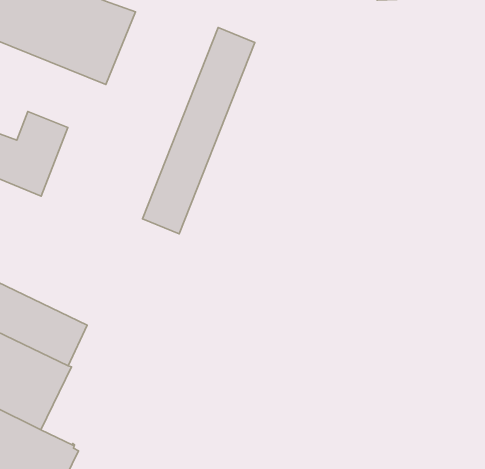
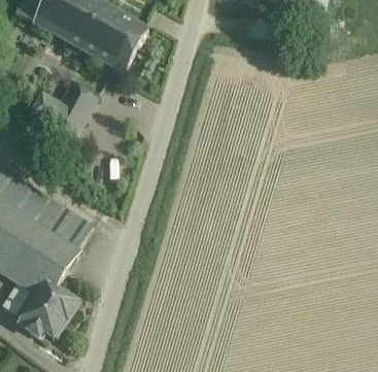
building: [142,27,255,234] -> none

